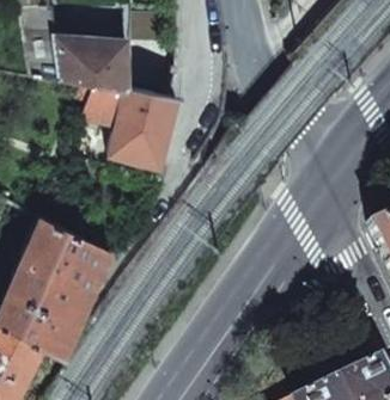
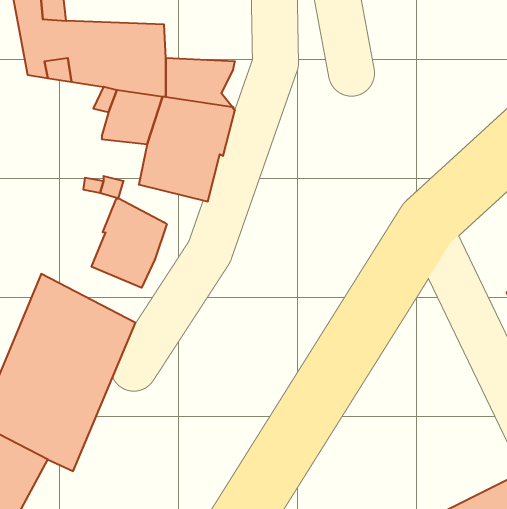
building: none -> [92,198,167,288]

